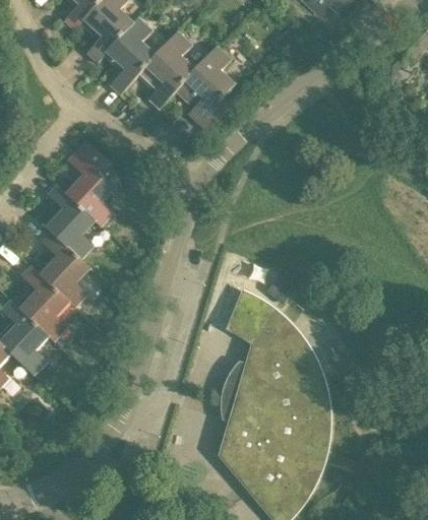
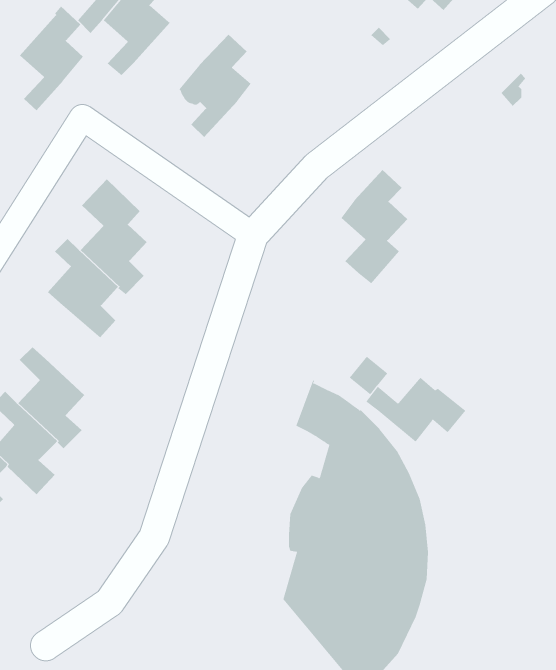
building: [107,15,156,94] -> [19,5,84,111]
building: [185,45,236,131] -> [340,169,408,284]
building: [41,233,91,309] -> none
building: none -> [366,377,466,443]

